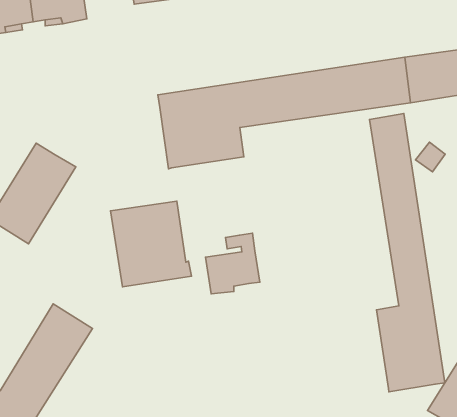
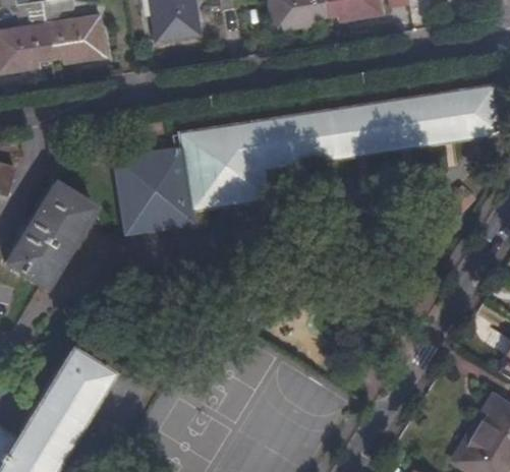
building: [370,113,445,392] -> none
building: [111,201,192,287] -> [113,148,196,236]
building: [205,233,260,294] -> none

